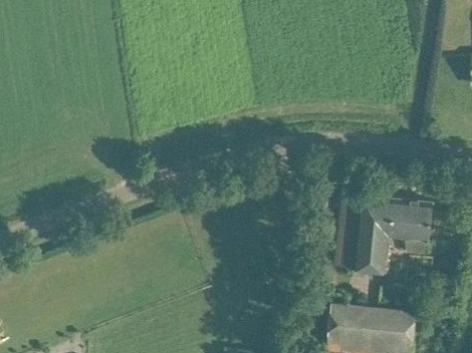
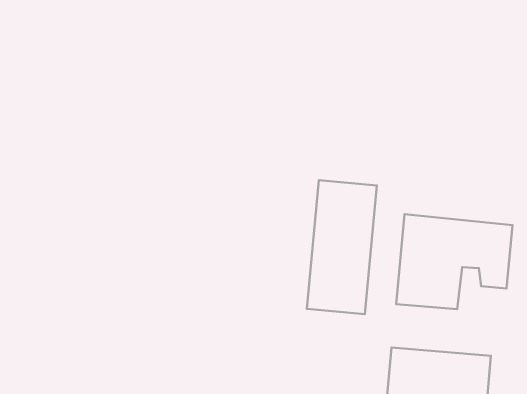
building: none -> [307,180,377,314]

